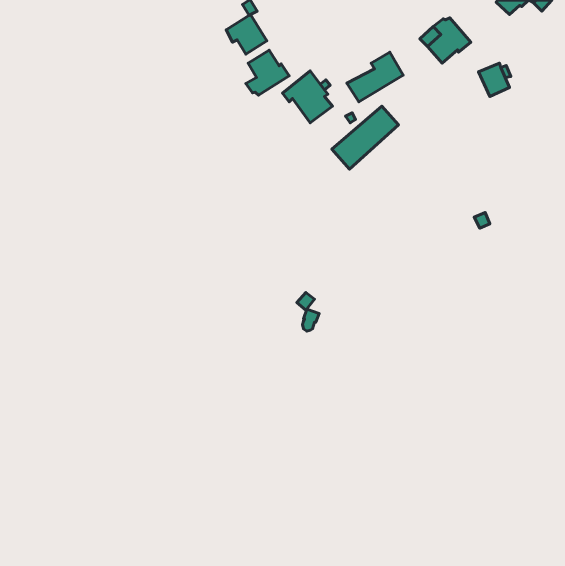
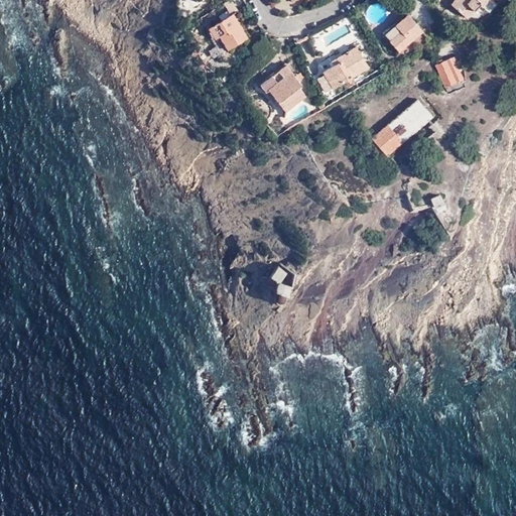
building: [246,50,289,95] -> none
building: [332,106,398,169] -> [373,100,433,157]

